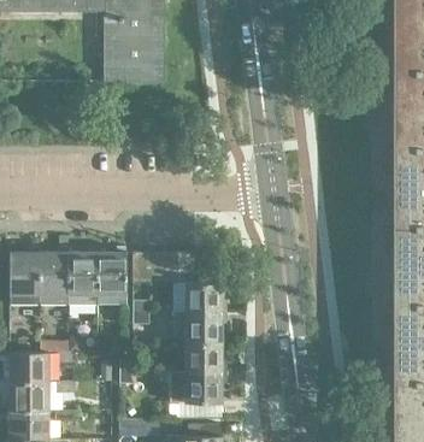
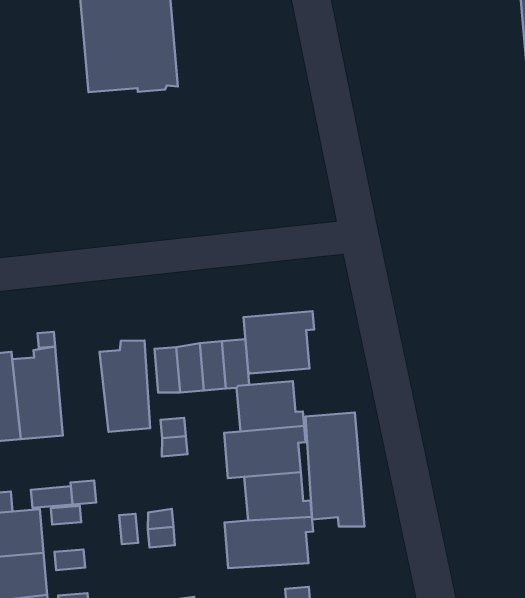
building: none -> [243,311,314,373]
building: [69,247,99,305] -> none
building: none -> [306,412,365,527]

